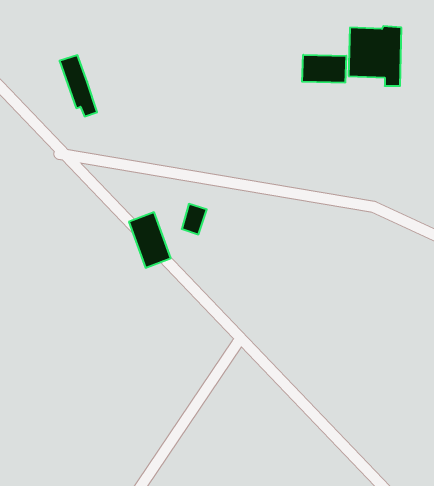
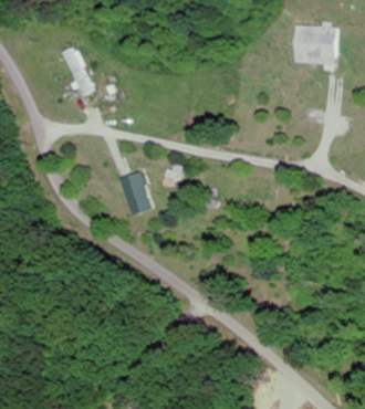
building: [302,55,346,83] -> none

